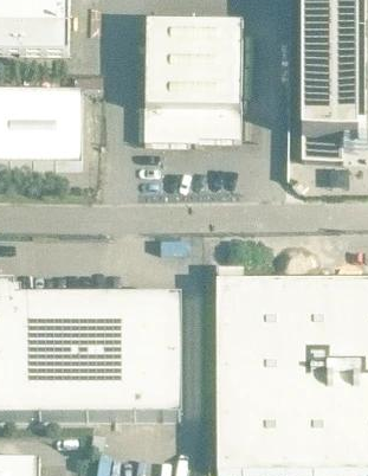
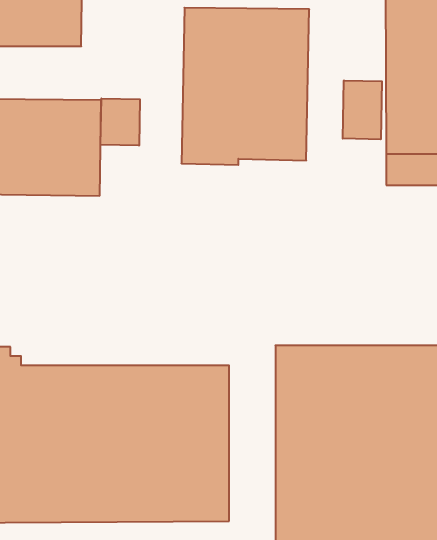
building: none -> [343,80,382,139]
building: none -> [101,98,140,146]

